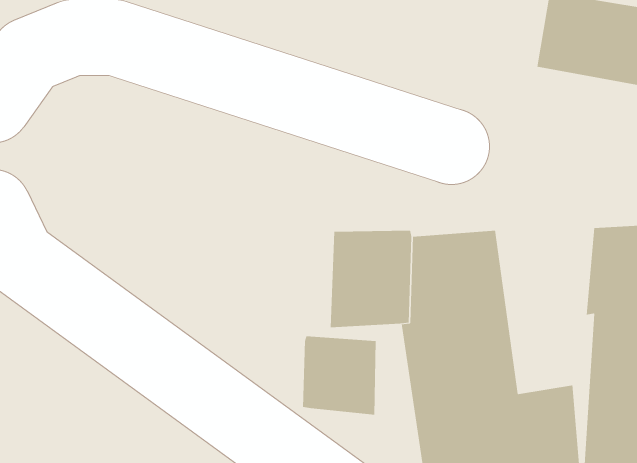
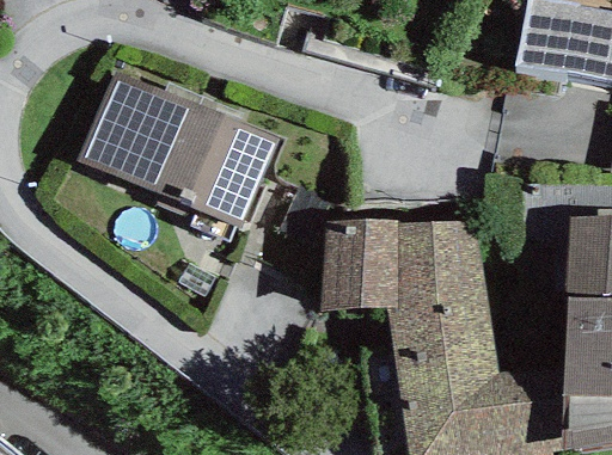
building: none -> [78,70,280,228]
building: [303,336,376,415] -> none

